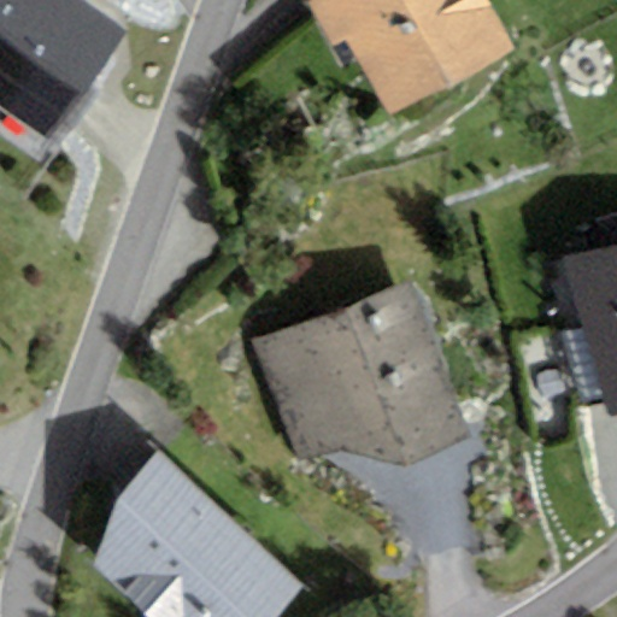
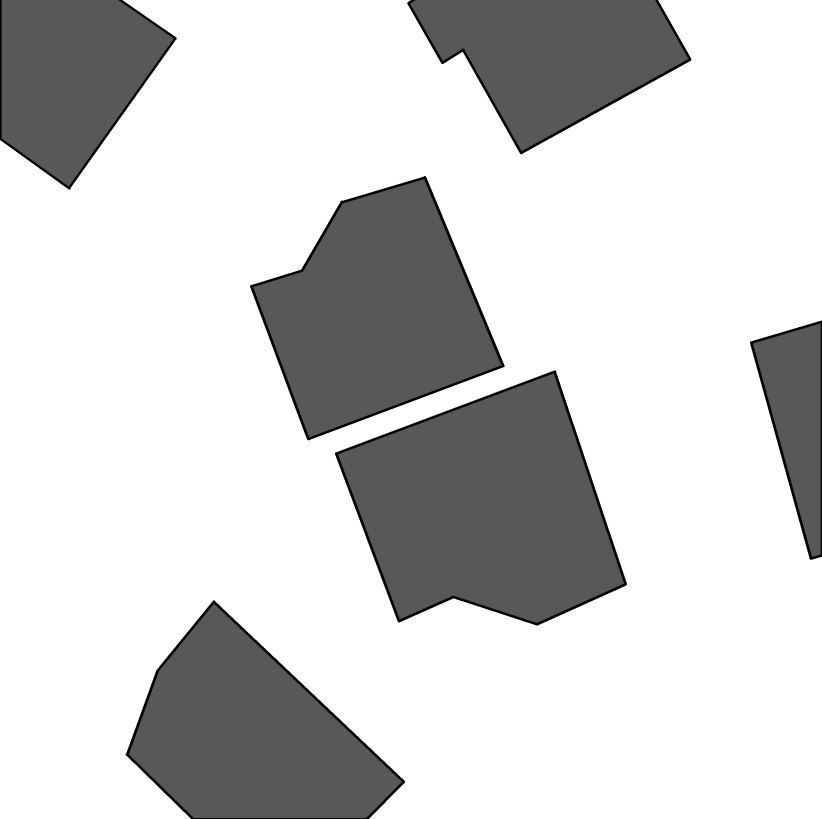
building: none -> [251,177,503,439]

